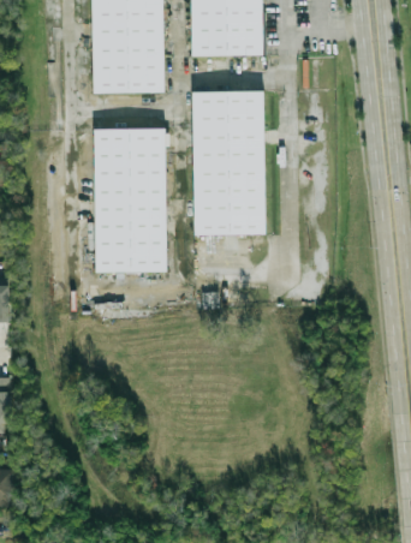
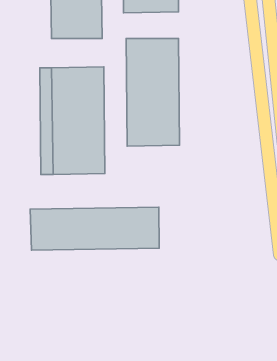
building: none -> [30,207,159,250]

